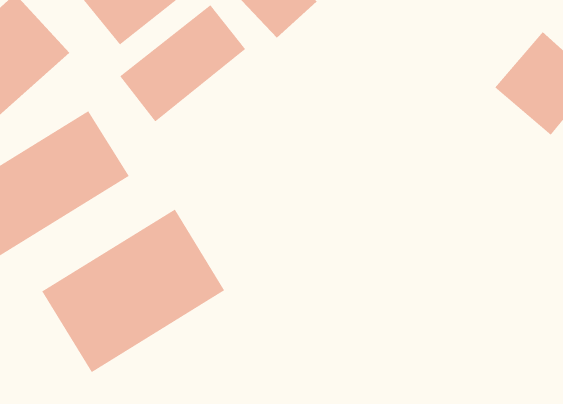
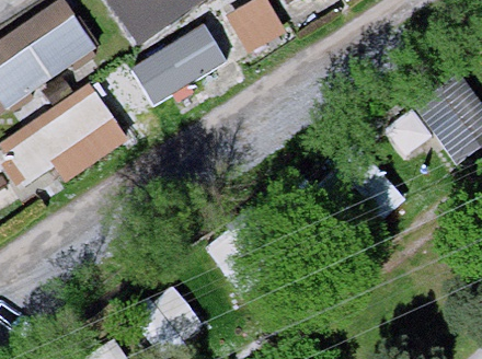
building: [41,208,225,373] -> none

